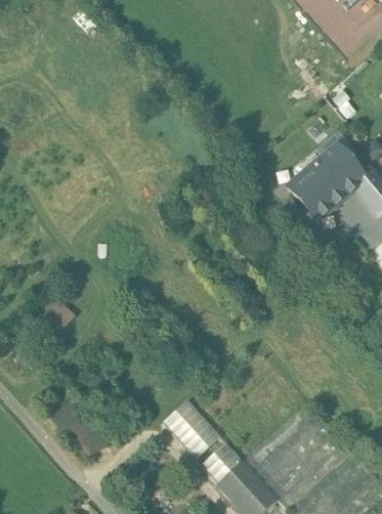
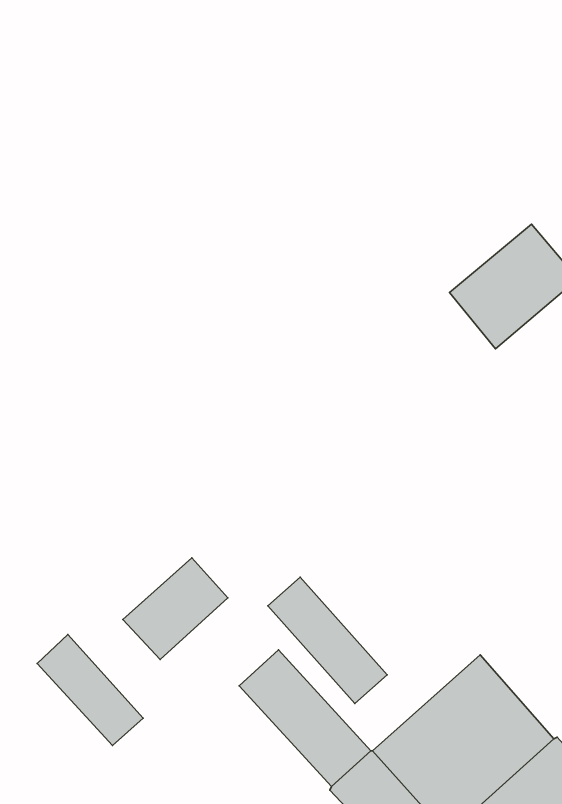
building: [41,296,76,331] -> none
building: none -> [123,558,228,660]
building: none -> [268,577,387,704]

